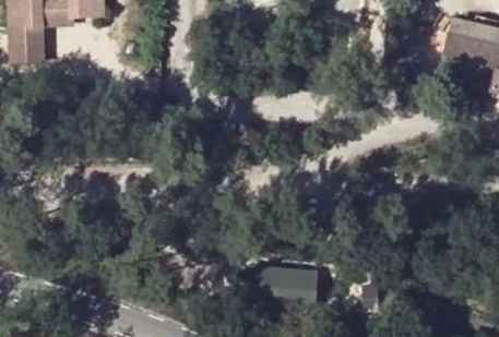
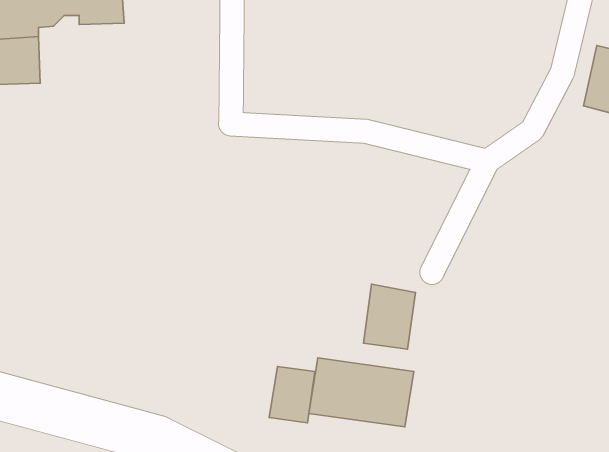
building: none -> [363,284,415,349]
building: none -> [269,366,315,423]

